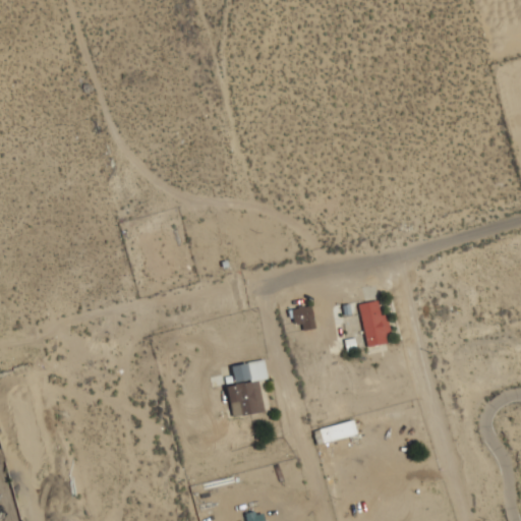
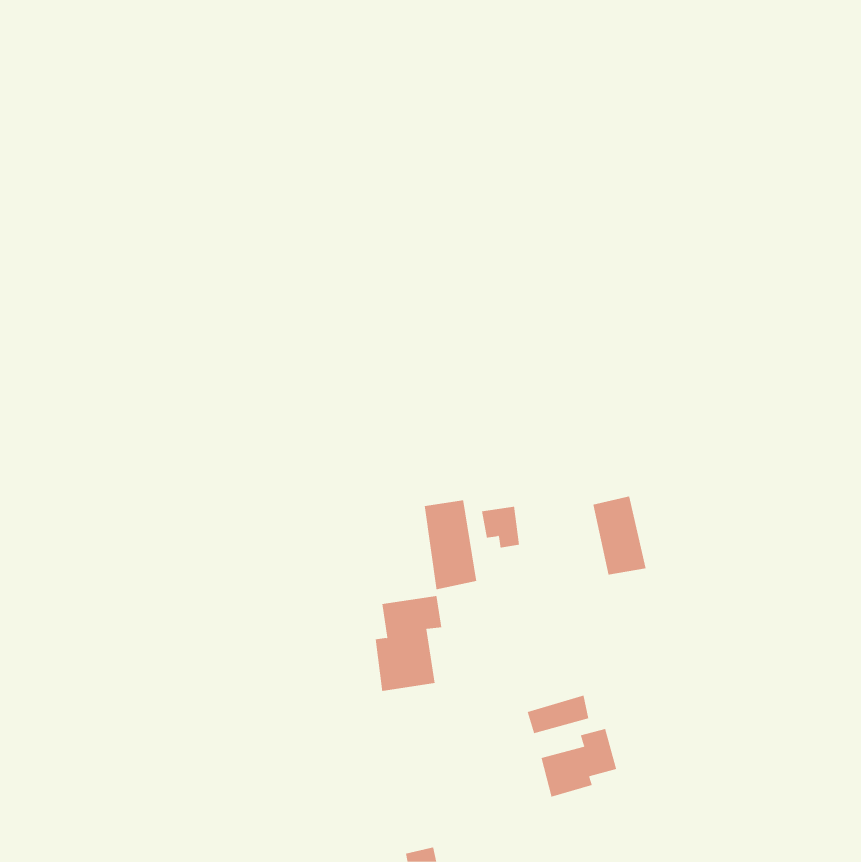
building: none -> [424,500,477,590]
building: none -> [541,728,617,797]

